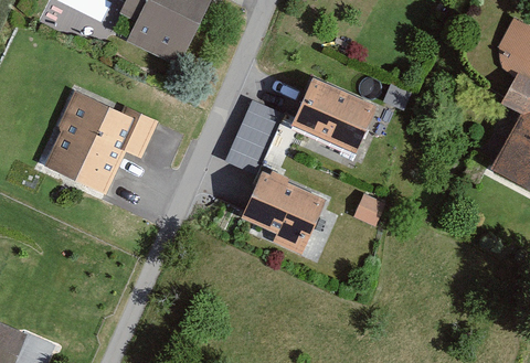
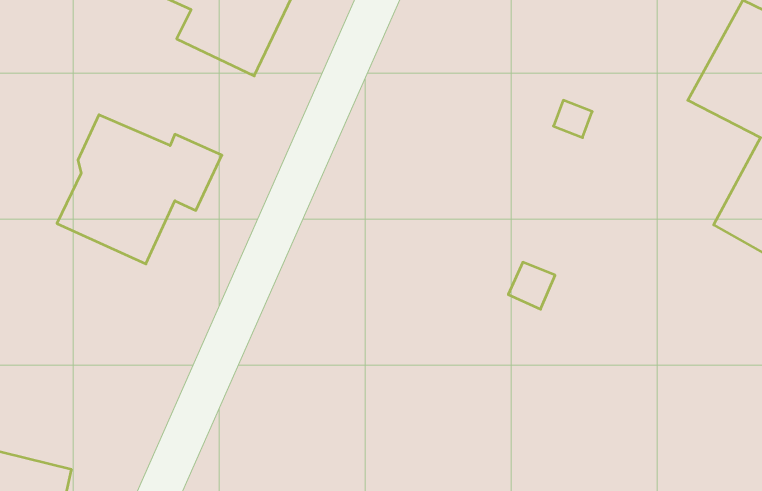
building: [297,86,375,154] -> none
building: [225,98,279,171] -> none
building: [243,173,326,254] -> none

